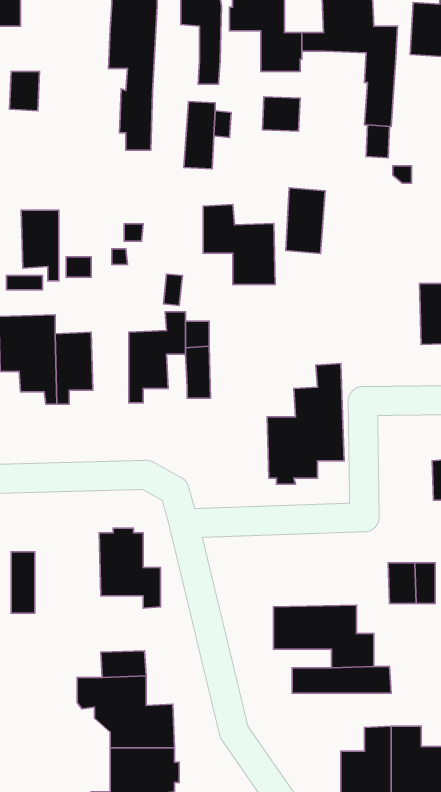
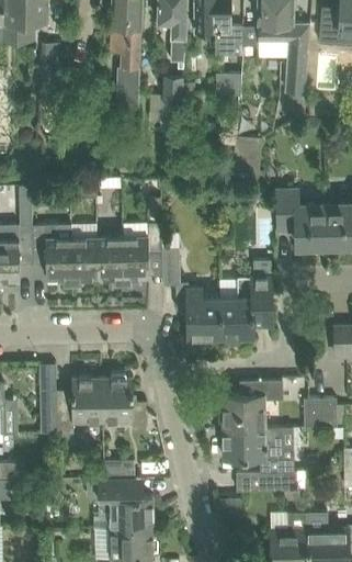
building: [203,205,275,285] -> [276,190,327,246]
building: [21,210,59,281] -> [96,237,123,286]
building: none -> [175,288,220,340]
building: none -> [57,378,103,434]
building: none -> [223,381,282,429]

